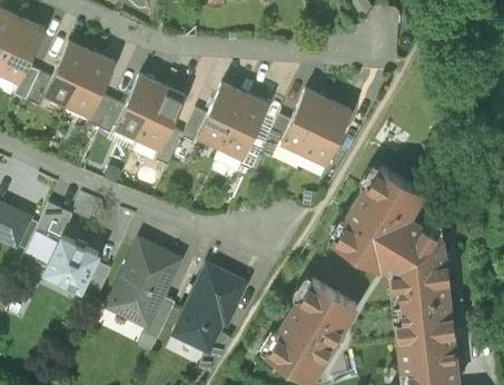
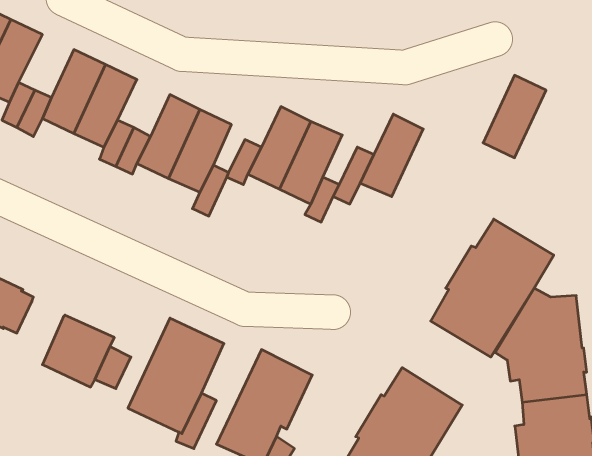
building: [305,101,352,162] -> [483,75,546,158]
building: [38,206,73,240] -> none

